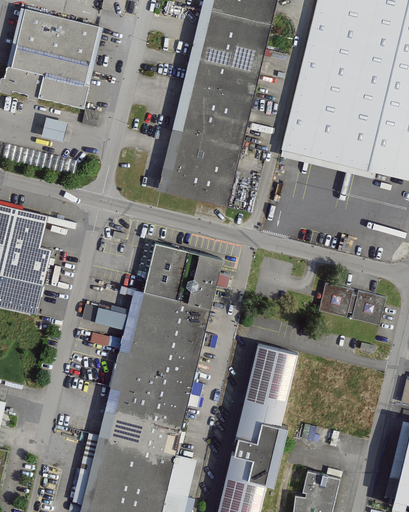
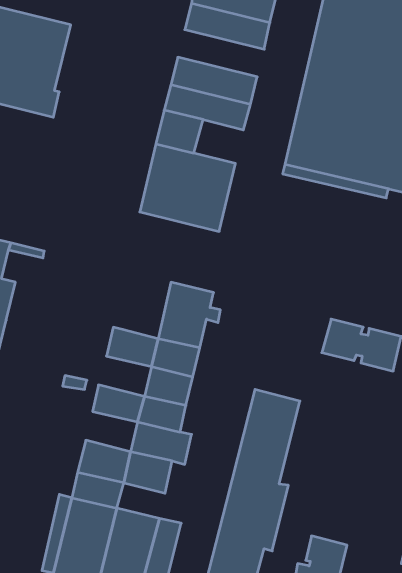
building: [191,31,266,72] -> none
building: [205,109,248,147] -> none
building: [42,118,66,140] -> none
building: [143,243,185,299] -> none
building: [83,304,168,349] -> none
building: [111,362,156,397] -> none
building: [138,424,180,455] -> none

